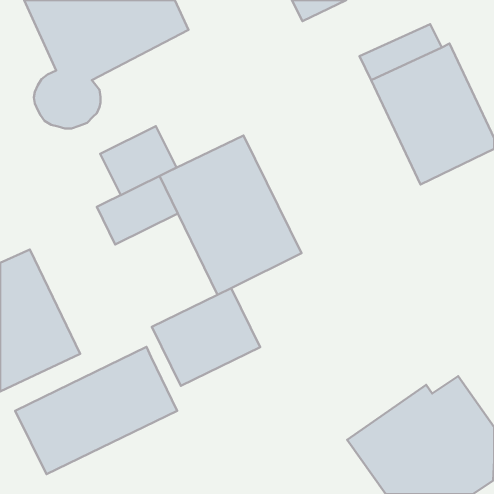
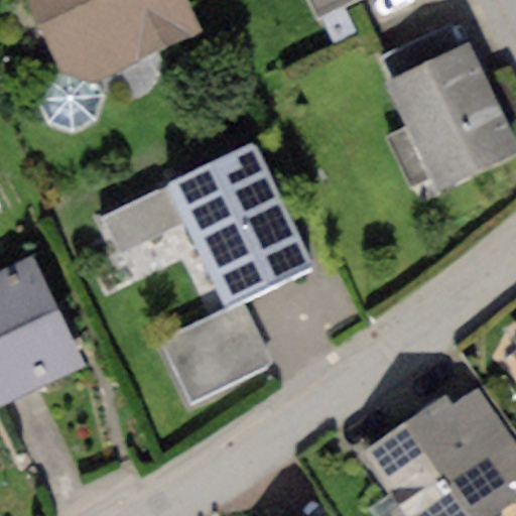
building: [100,126,177,195] -> none
building: [15,347,177,474] -> none

